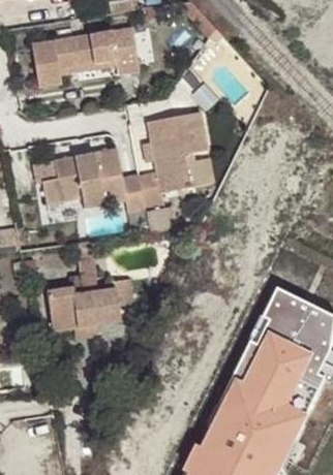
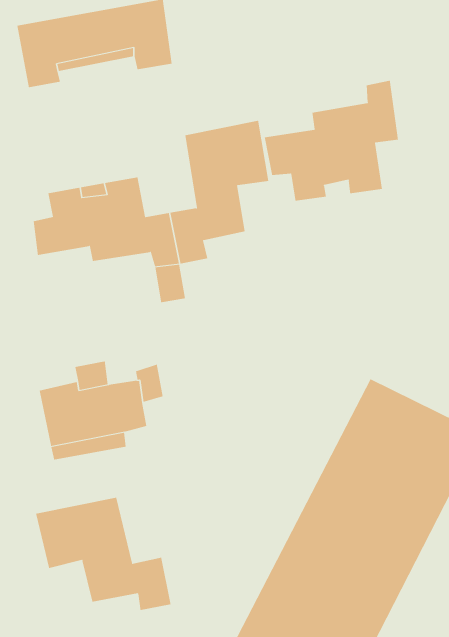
building: none -> [264,80,399,202]
building: none -> [36,497,171,611]

